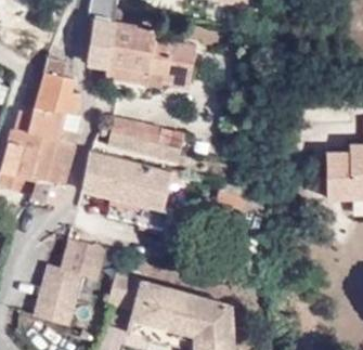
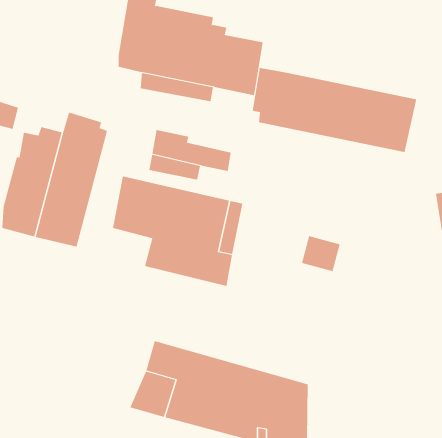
building: [31,44,79,115] -> none
building: none -> [252,67,417,153]
building: [36,234,104,320] -> none

